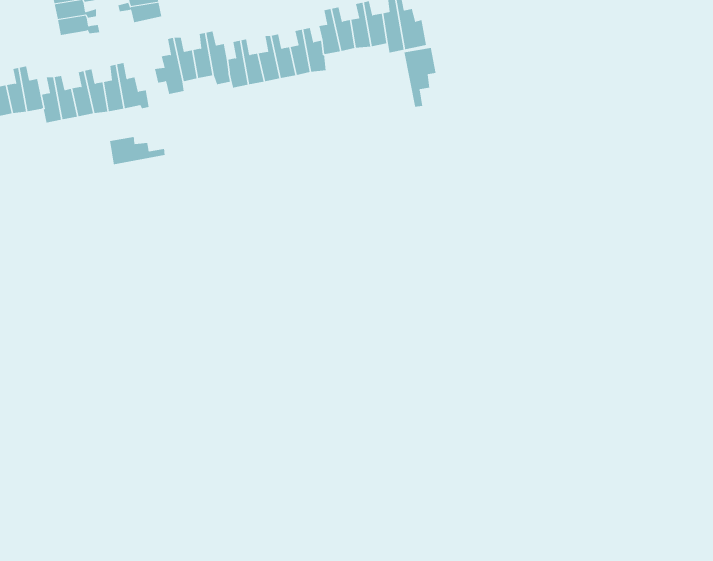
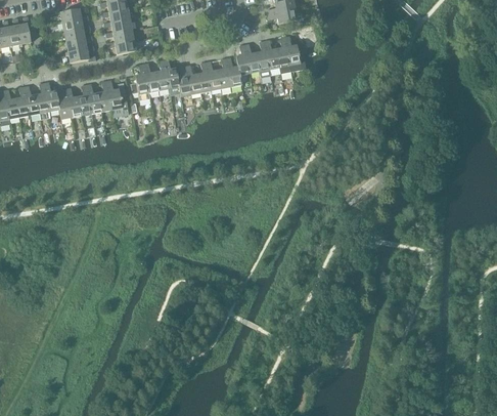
building: [404,47,436,108] -> none
building: [110,136,165,165] -> none

